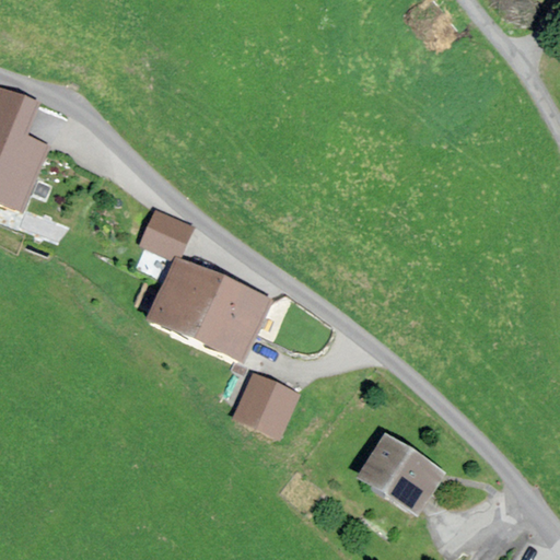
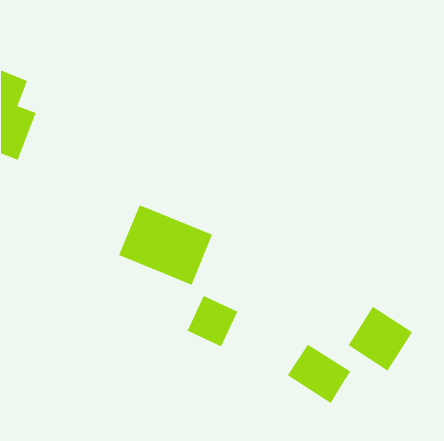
building: [140,208,196,260] -> none
building: none -> [348,306,413,371]

